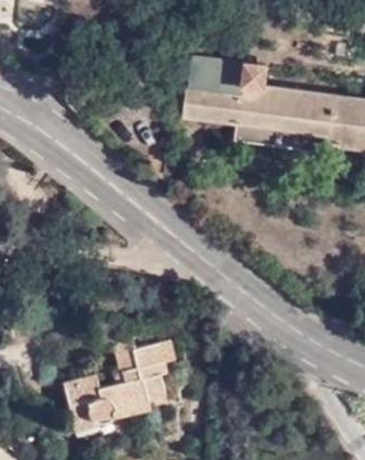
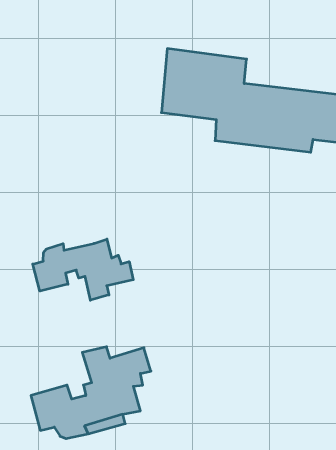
building: none -> [33,239,133,300]

